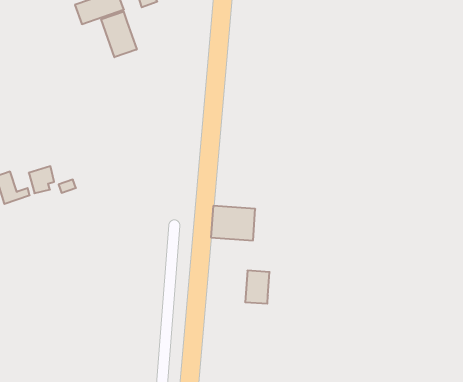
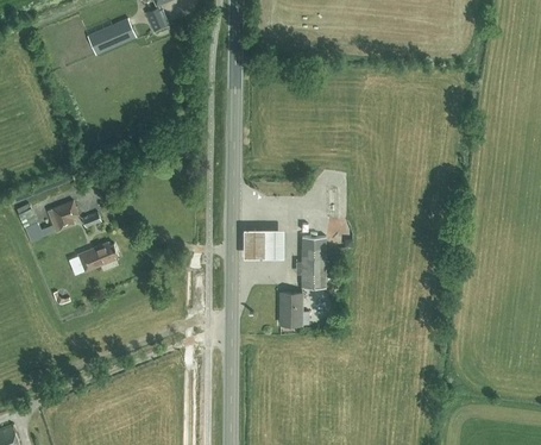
building: [101,11,137,57] -> none
building: none -> [77,243,118,271]
building: none -> [301,237,326,288]

